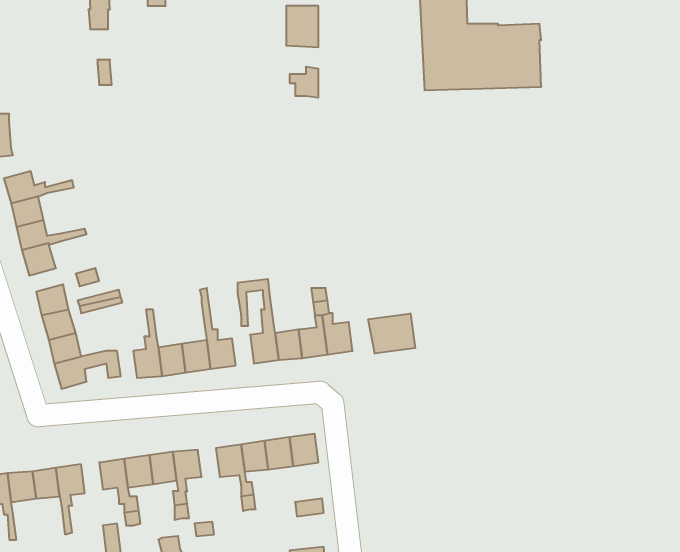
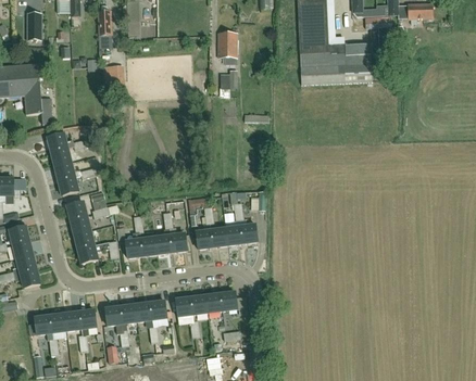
building: [368,313,415,354] -> none

